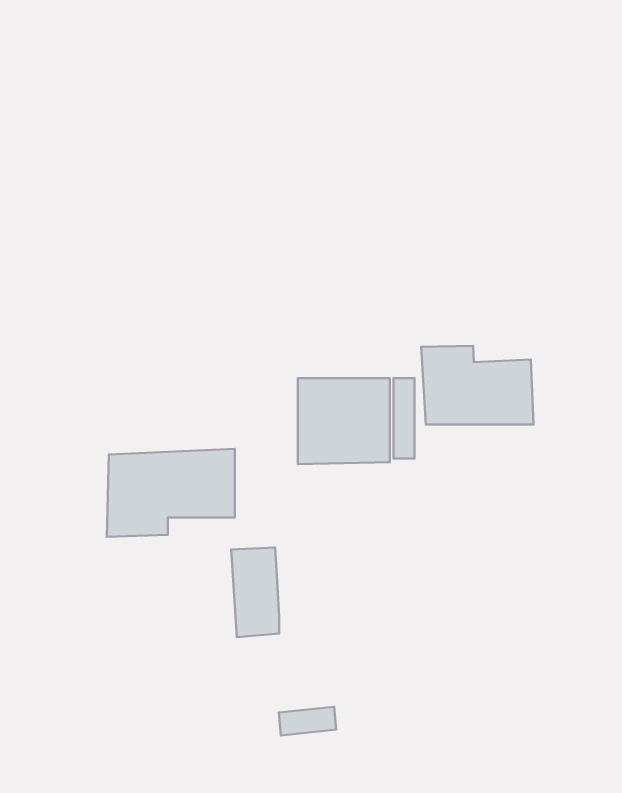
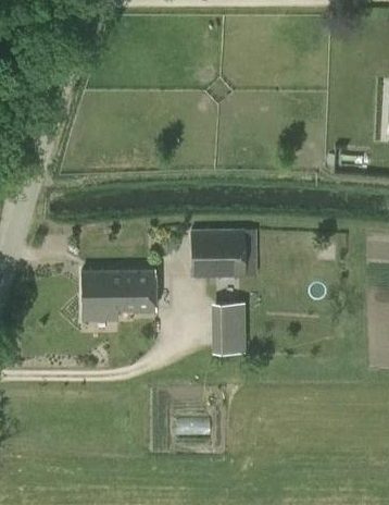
building: [421,346,533,425] -> none
building: [231,547,279,637] -> [216,304,243,355]

